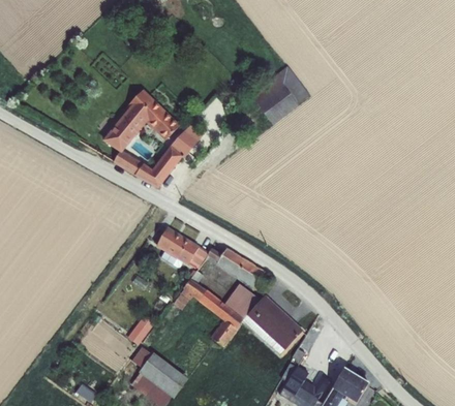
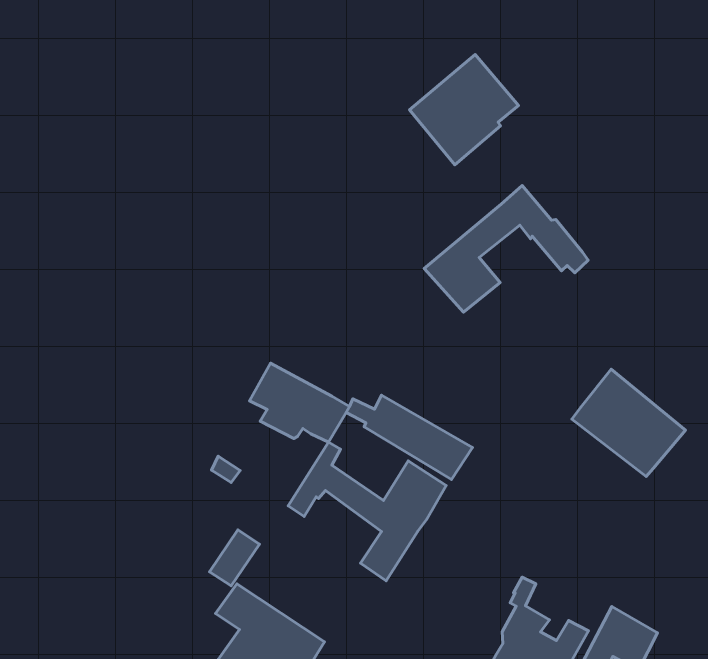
building: [103,87,204,188] -> none
building: none -> [424,186,588,312]
building: [242,294,303,353] -> [572,369,686,476]

